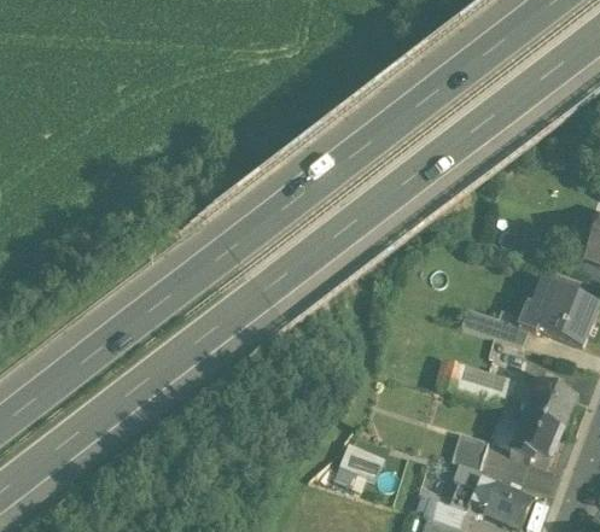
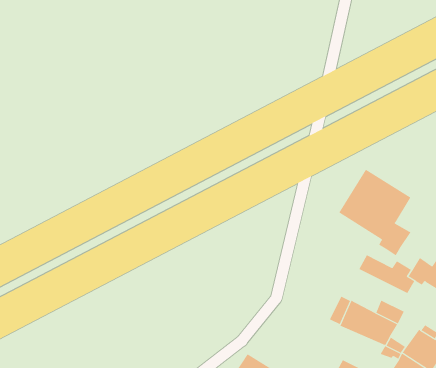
building: none -> [338,169,411,256]

